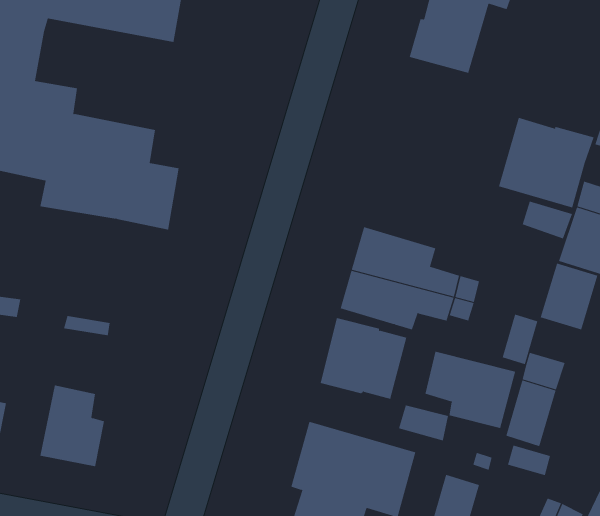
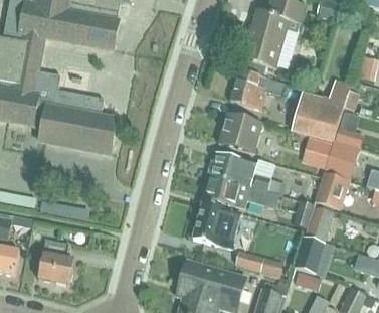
building: none -> [230,68,282,108]
building: none -> [218,111,261,152]
building: [425,351,516,429] -> none

